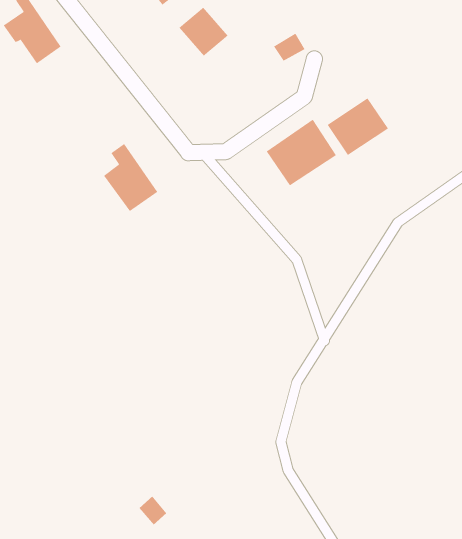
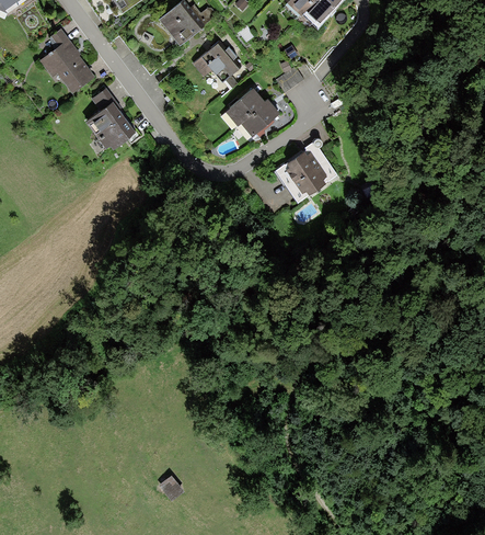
building: none -> [228,89,280,135]
building: [327,98,389,156] -> none
building: [103,143,158,212] -> [88,91,136,151]

